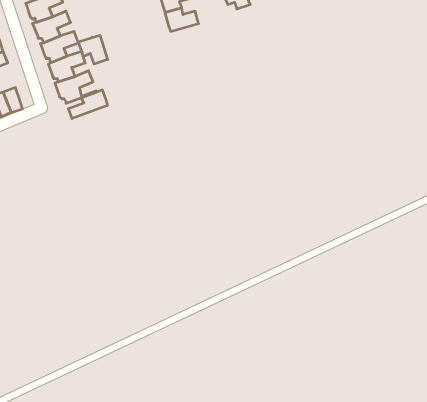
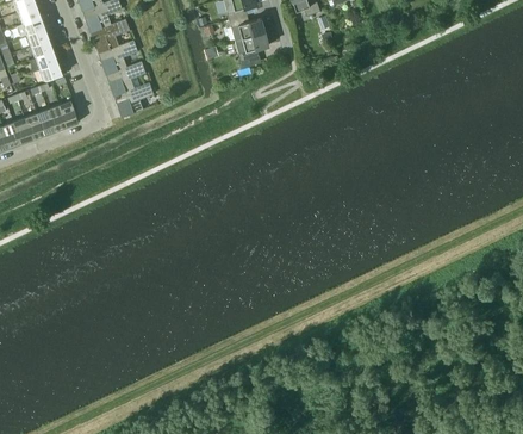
building: none -> [235,31,268,61]
building: [79,35,108,64] -> none
building: [68,90,107,119] -> none

